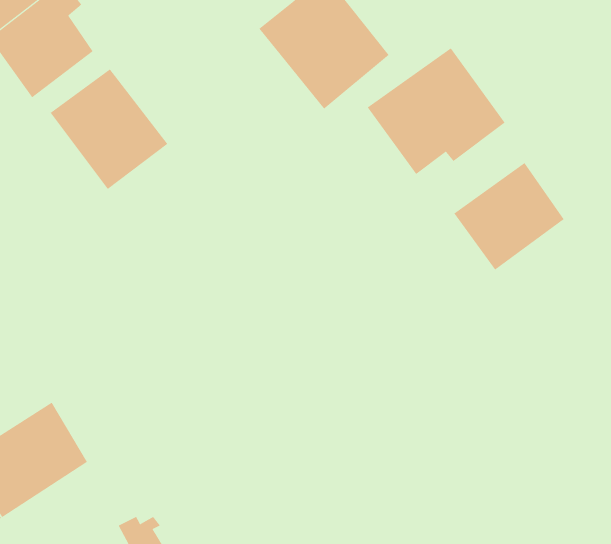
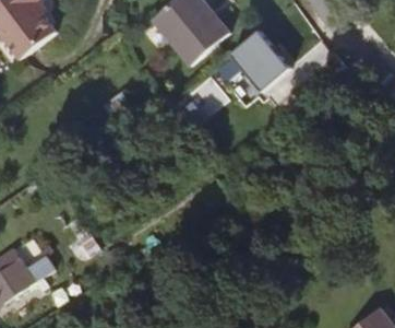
building: [50,68,168,190] -> none
building: [454,162,565,271] -> none

